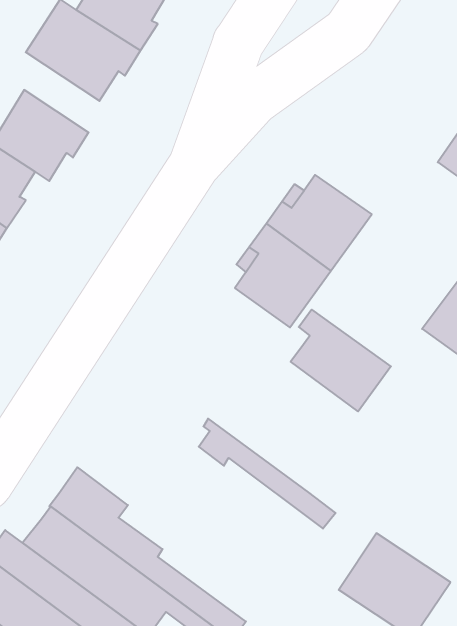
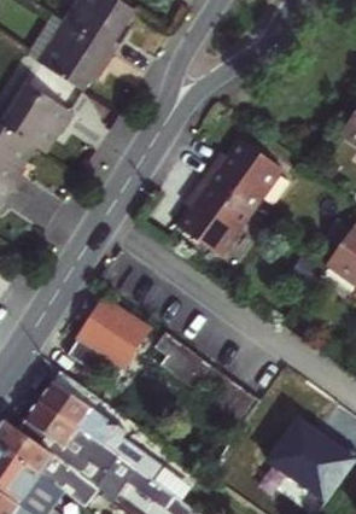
building: [291,310,391,411] -> none
building: none -> [71,299,152,385]

